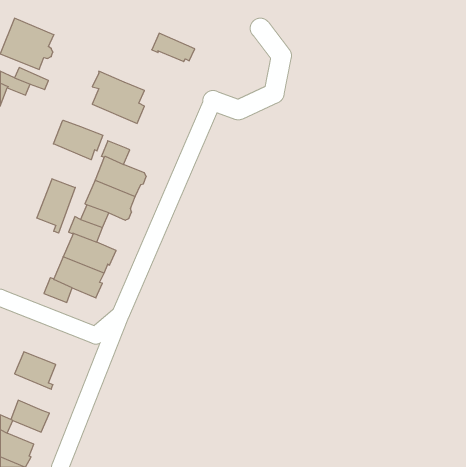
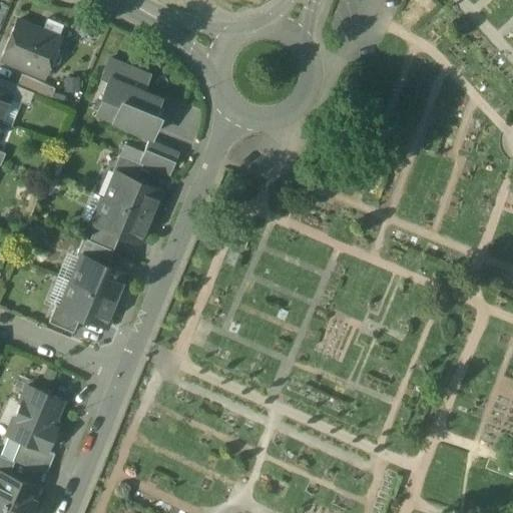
building: [152,33,195,62] -> [102,59,149,90]
building: [53,120,103,160] -> none
building: none -> [139,140,178,175]
building: [37,179,75,233] -> none
building: none -> [7,410,57,450]

